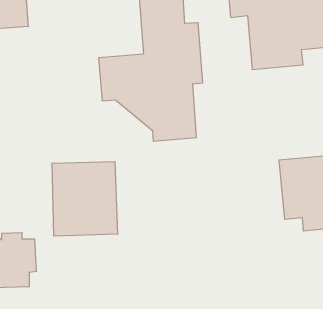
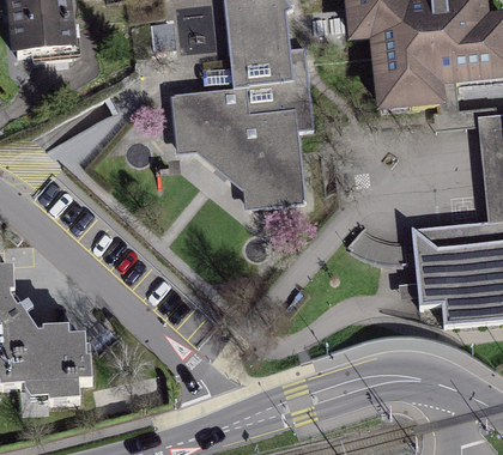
building: [52,162,118,236] -> none

